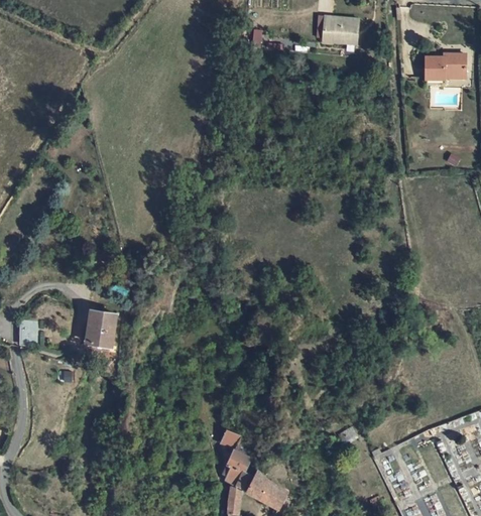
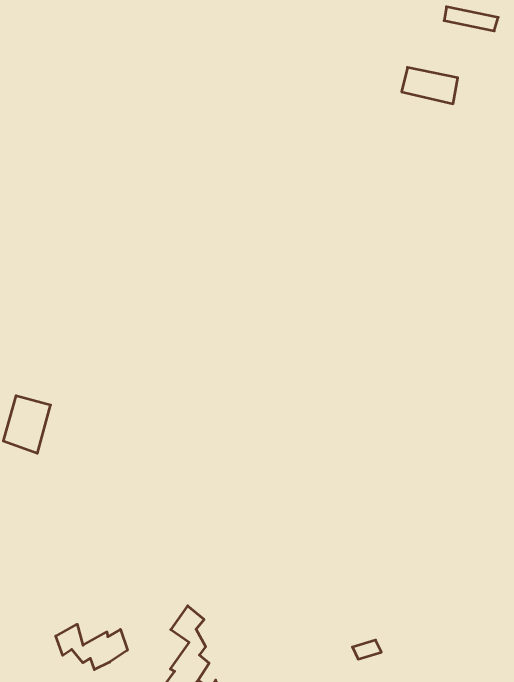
building: [324,25,358,43] -> [402,67,458,104]
building: none -> [56,624,127,670]

